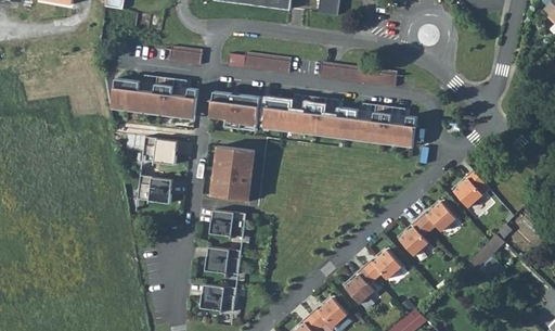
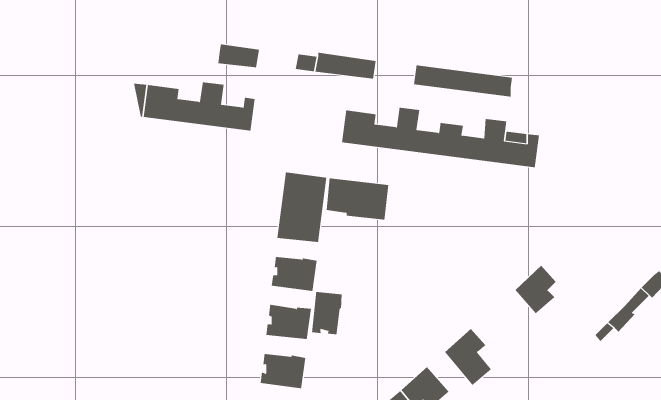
building: [211,92,260,125] -> [326,178,389,220]
building: [142,138,177,165] -> none
building: [452,170,485,208] -> none
building: [137,176,171,204] -> none
building: [418,200,456,232] -> none
building: none -> [312,291,342,335]
building: [364,249,402,280] -> none

